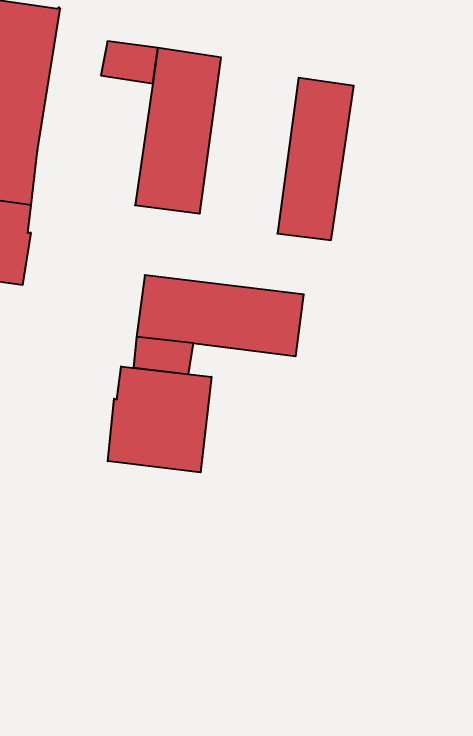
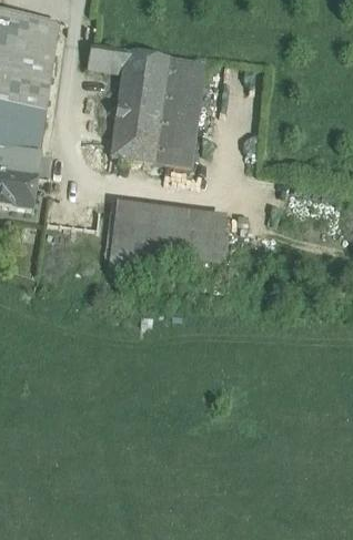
building: [277,78,354,240] -> [155,53,208,164]
building: [108,366,211,472] -> none

